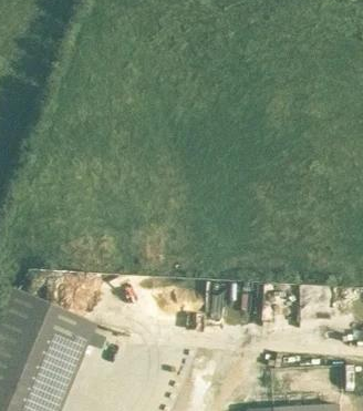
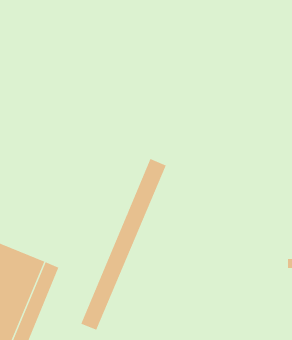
building: none -> [81,158,167,330]

